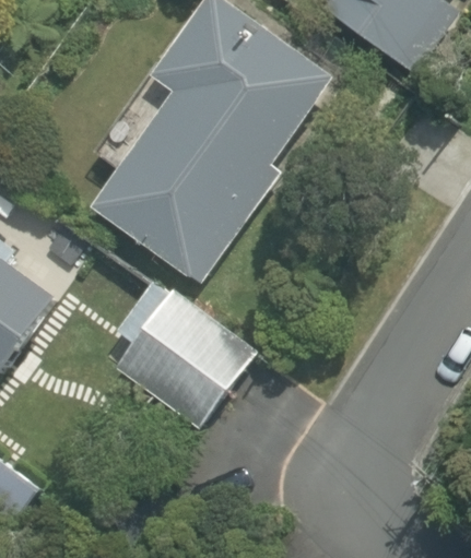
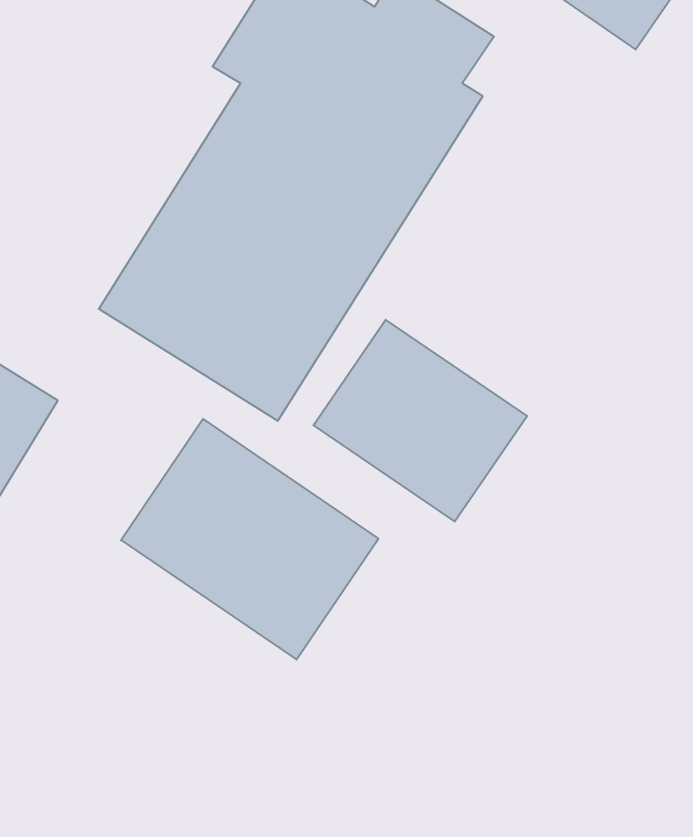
building: none -> [313,320,527,522]

